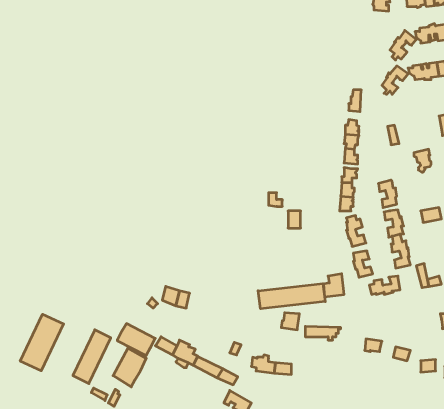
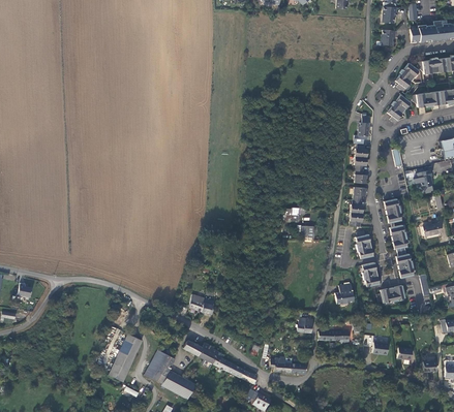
building: [258,284,325,309] -> none
building: [20,314,64,371] -> none
building: [117,324,155,356] -> [161,370,195,399]

